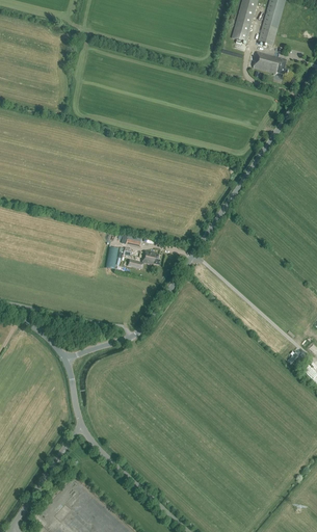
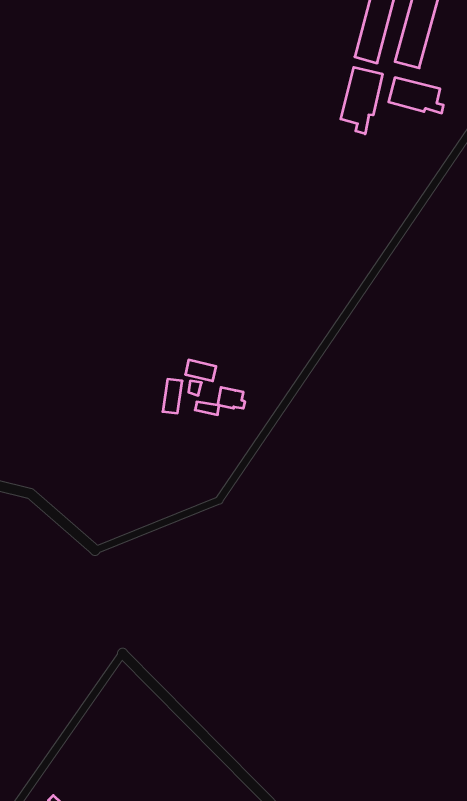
building: none -> [341,67,382,134]

